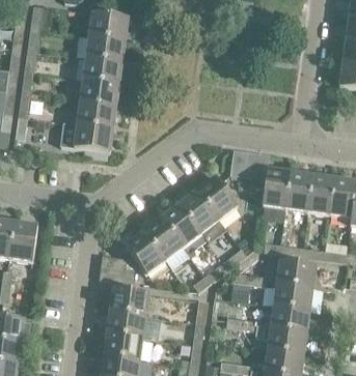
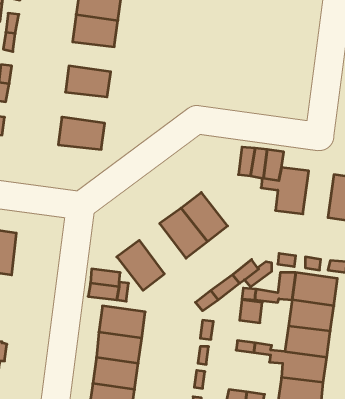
building: [83,58,122,84] -> none
building: [77,102,116,128] -> none
building: [286,170,313,210] -> none
building: [198,175,239,218] -> none
building: [144,215,185,259] -> none

